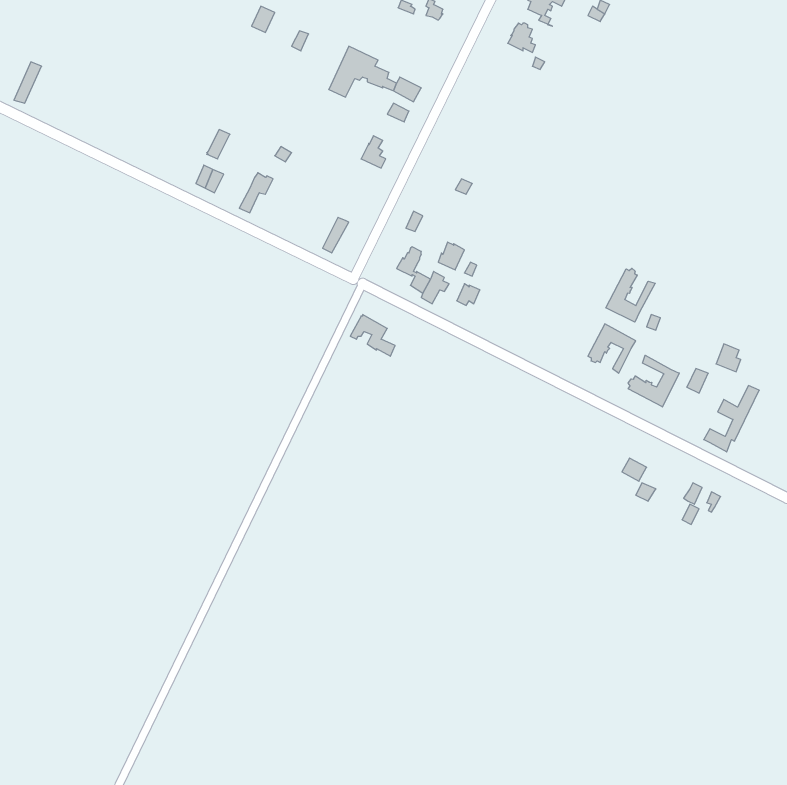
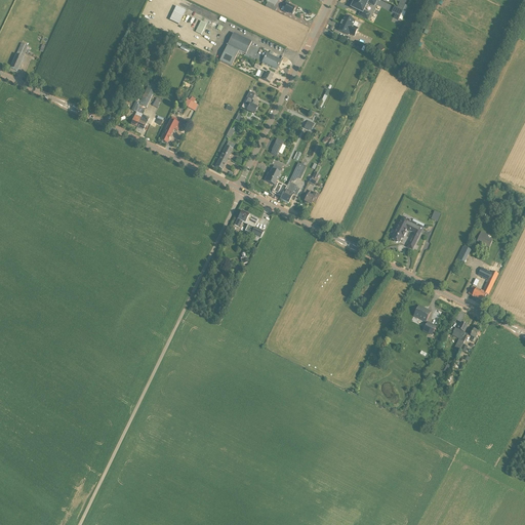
building: [606,268,655,322] -> none
building: [628,355,679,407] -> none

